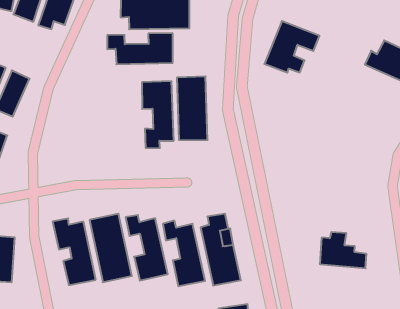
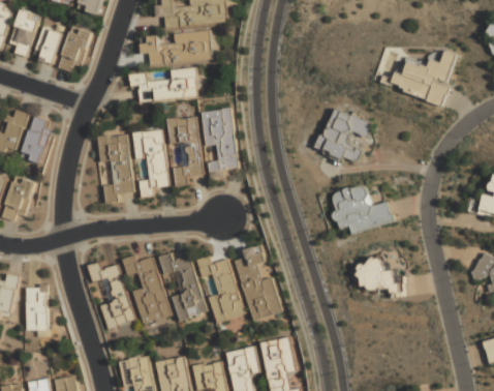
building: [264,21,320,73] -> [319,110,373,161]
building: none -> [133,129,168,198]
building: none -> [97,134,133,203]
building: none -> [330,183,393,234]

